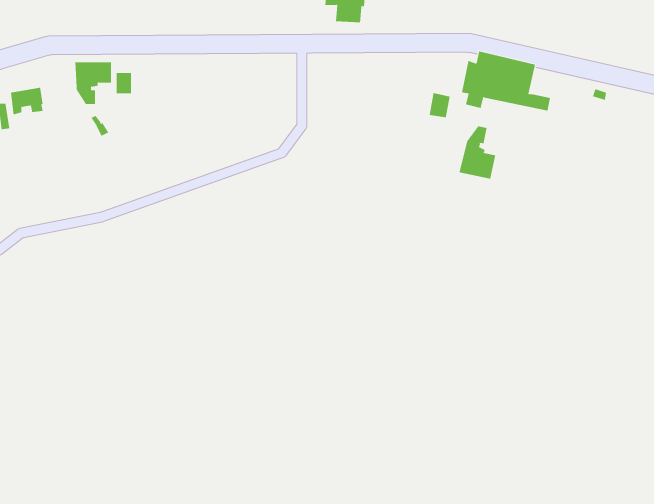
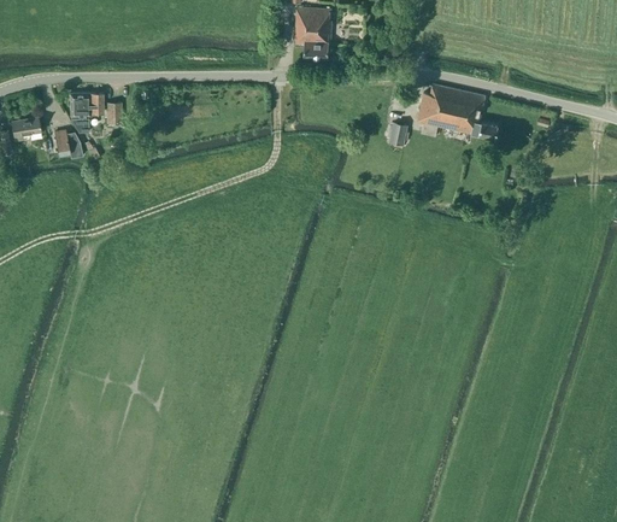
building: none -> [54,129,82,157]
building: [459,125,496,179] -> none

